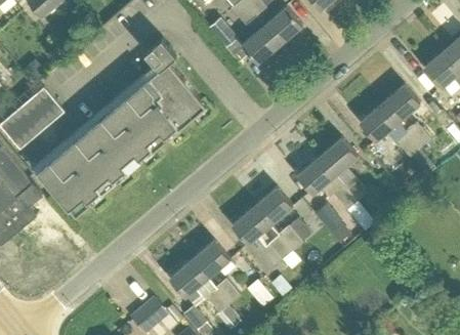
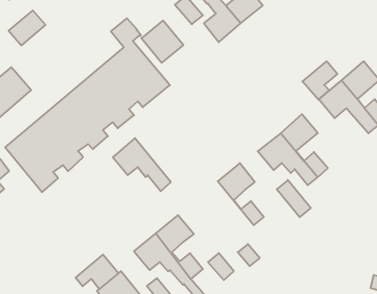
building: none -> [9,10,45,45]
building: none -> [141,21,183,63]
building: none -> [302,61,337,100]
building: [233,205,292,259] -> [113,138,171,191]
building: none -> [76,255,118,289]

